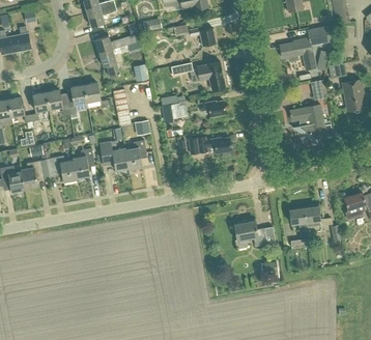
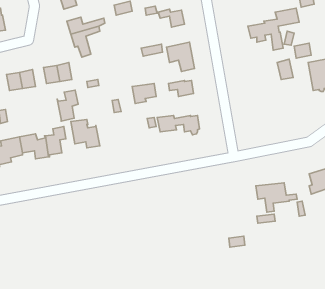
building: [291,104,327,139] -> none
building: [124,138,146,170] -> [57,90,78,121]
building: [235,222,266,250] -> none

